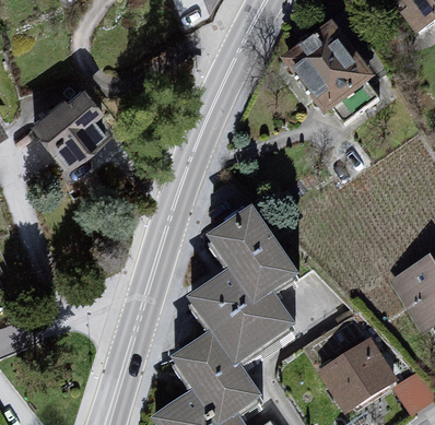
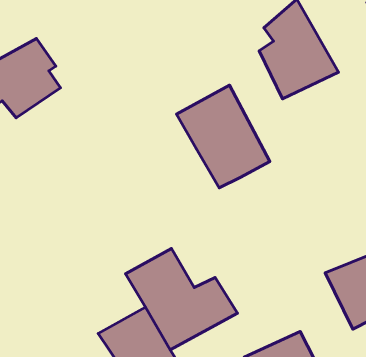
building: [210,205,306,307] -> [176,85,270,188]

